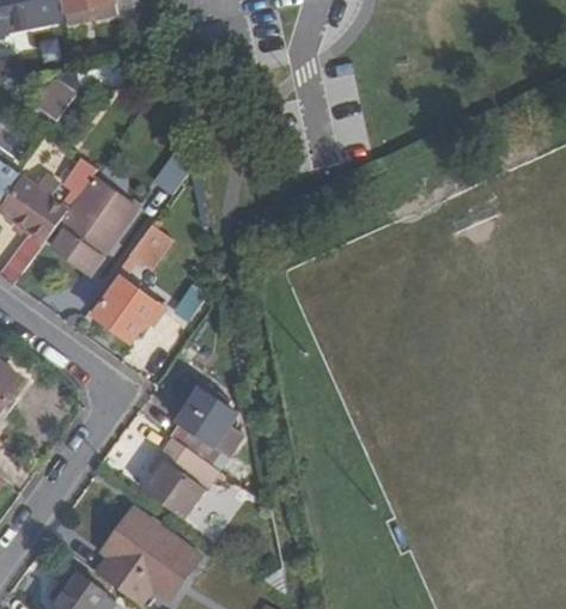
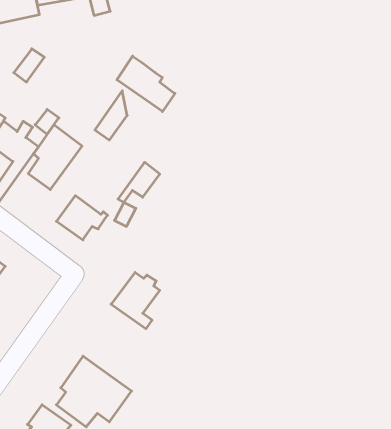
building: none -> [117,56,175,112]
building: [116,221,175,278] -> [118,162,160,202]
building: [138,433,209,518] -> none

